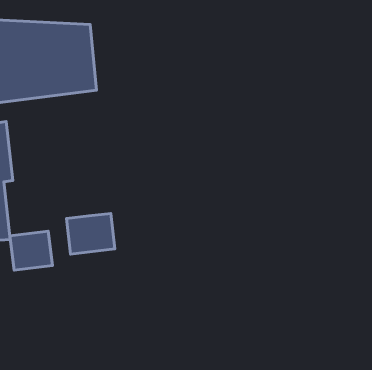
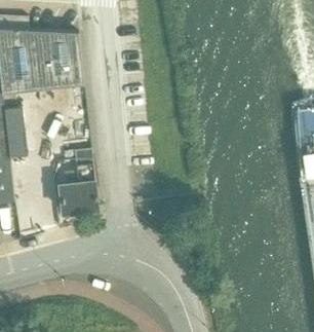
building: none -> [72,150,92,183]
building: [10,231,52,270] -> none

